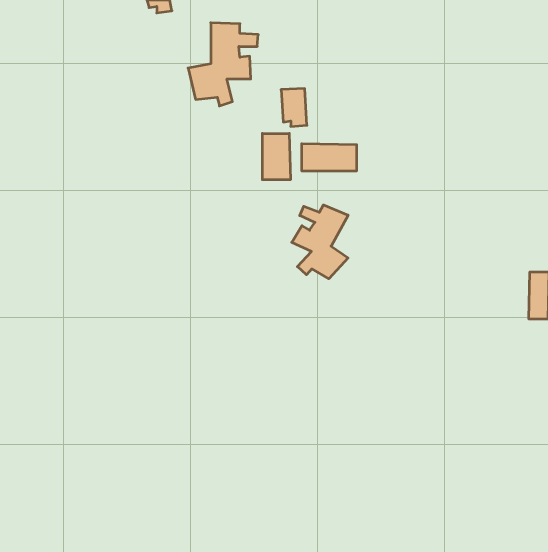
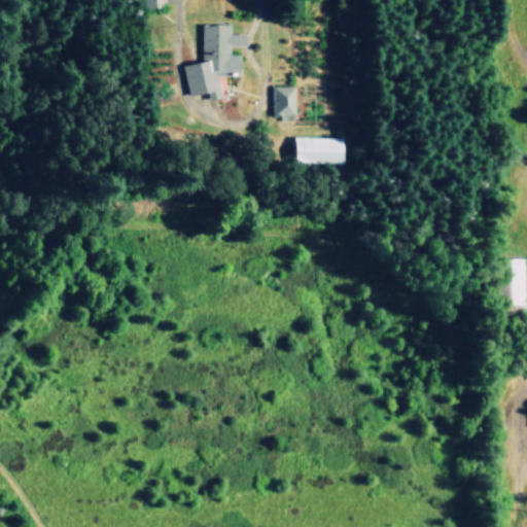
building: [262,133,290,180] -> none
building: [292,205,348,279] -> none

